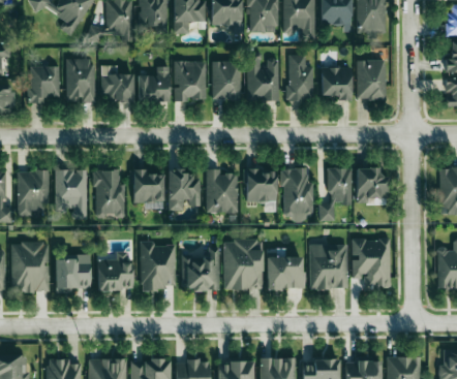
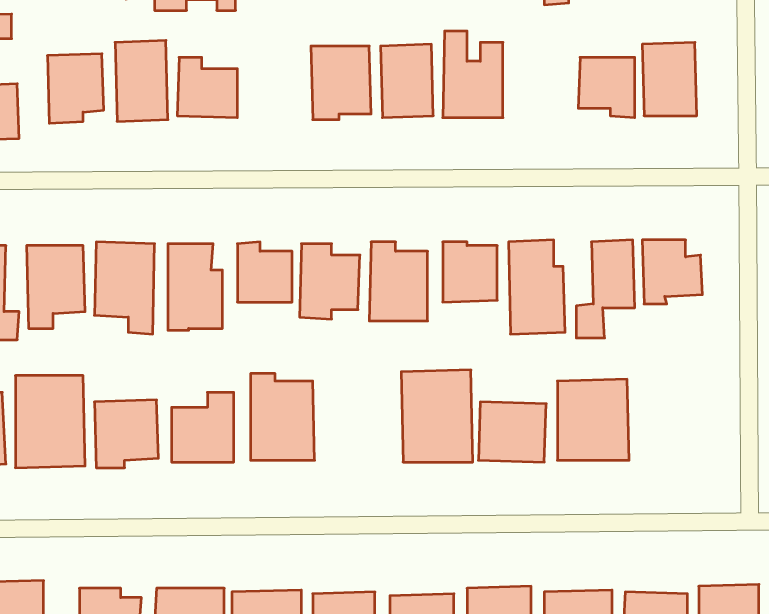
building: [287,54,313,100] -> none
building: [138,66,170,101] -> none
building: [352,239,390,290] -> none
building: [182,247,219,290] -> none

